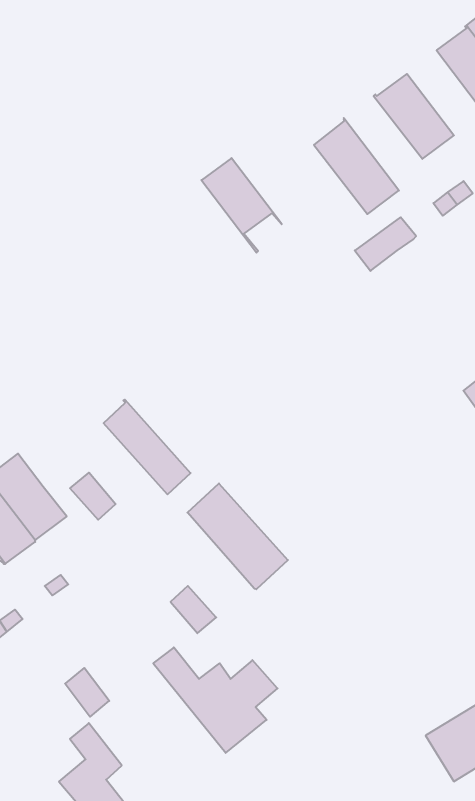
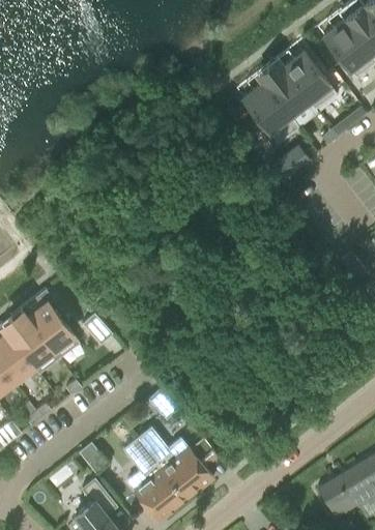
building: [201,158,282,253] -> [262,65,315,127]
building: [104,400,191,494] -> none
building: [187,483,288,589] -> none
building: none -> [123,438,184,518]

